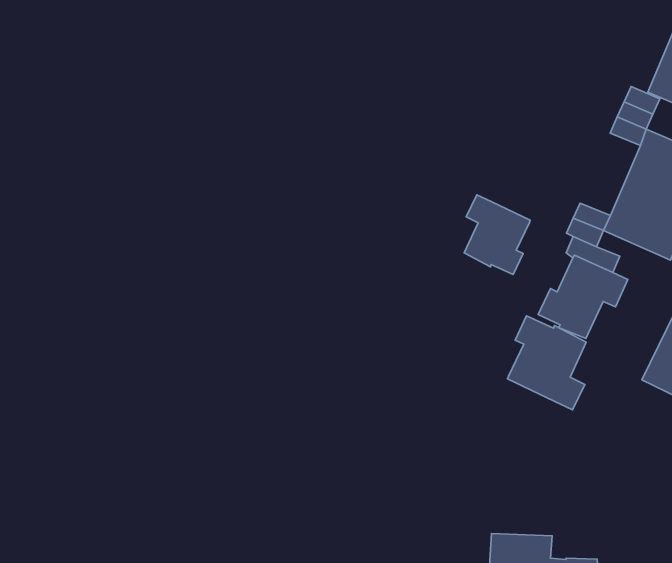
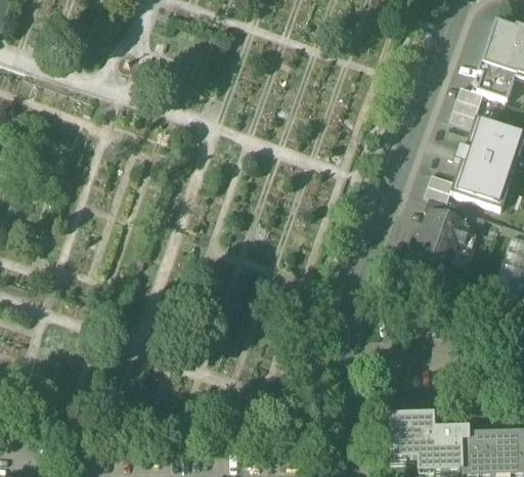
building: [464,195,530,275] -> none
building: [508,316,586,410] -> none

